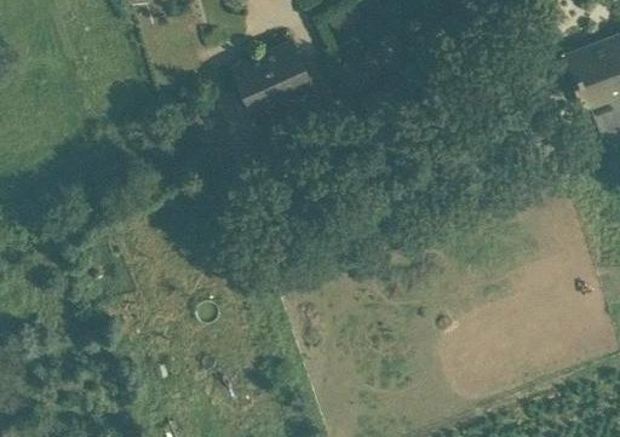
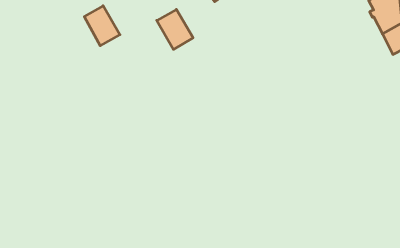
building: [231,58,281,116] -> [84,6,120,46]

